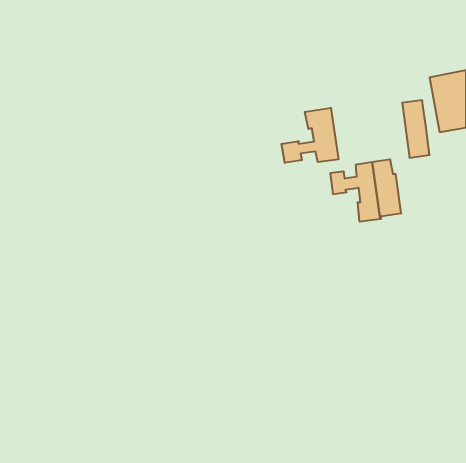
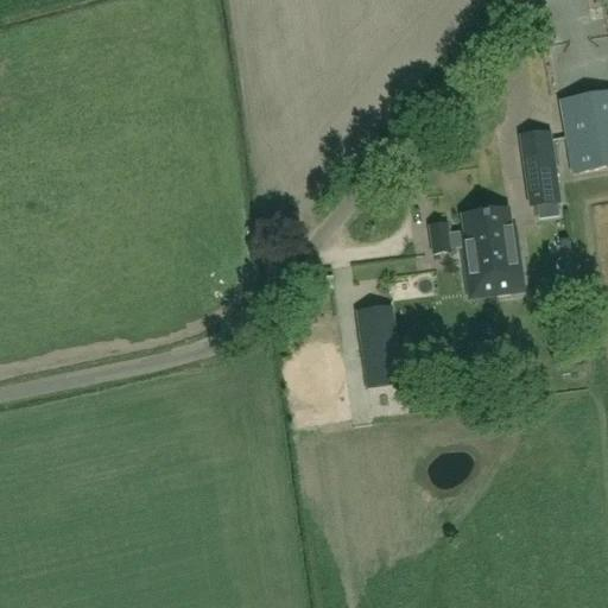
building: [282,108,338,163] -> none
building: none -> [355,302,400,380]

